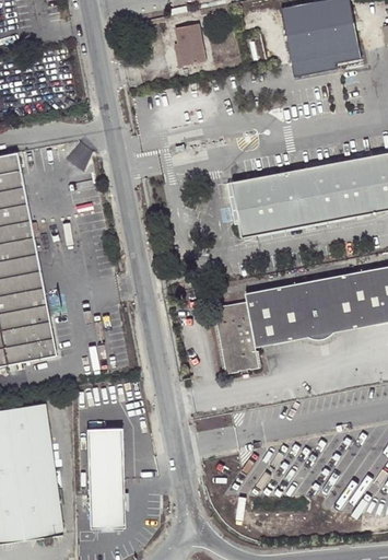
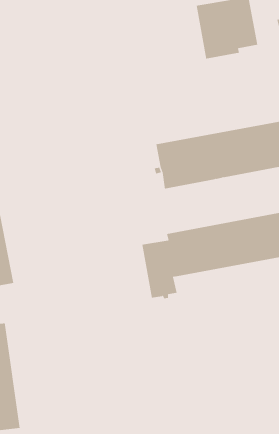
building: [174,24,204,67] -> none
building: [82,429,125,527] -> none

